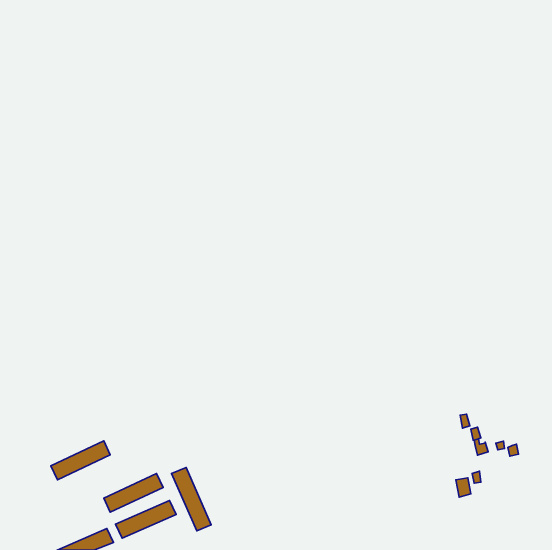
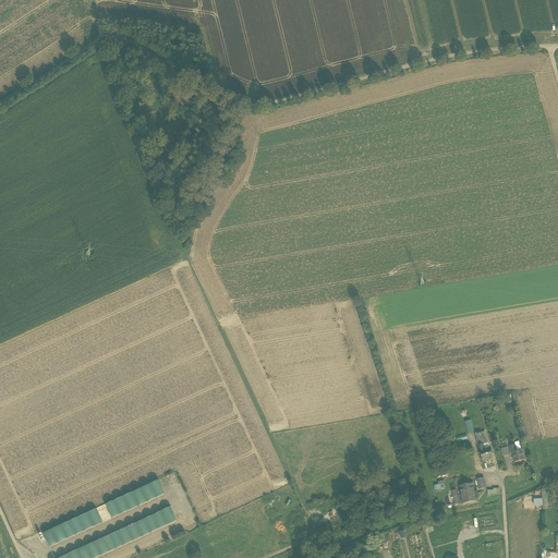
building: [51,441,110,480] -> [43,507,102,546]
building: [172,468,211,531] -> none

